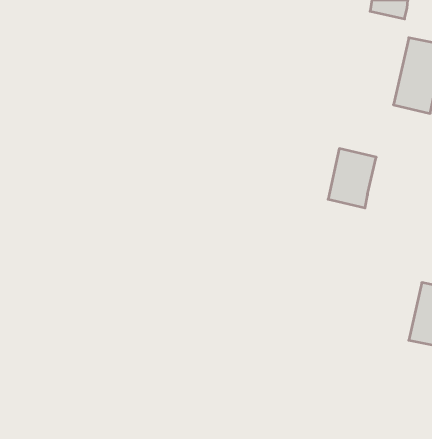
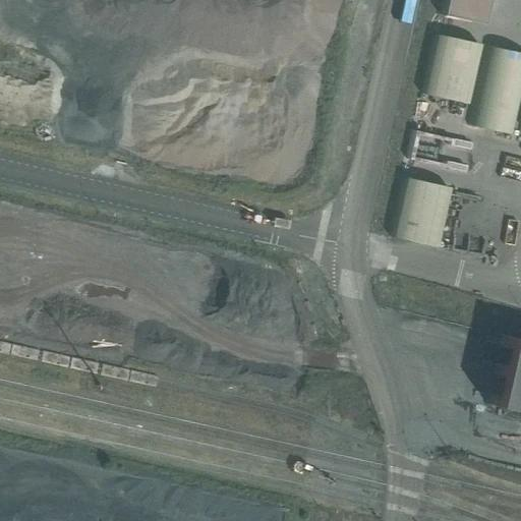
building: none -> [428,34,484,103]

